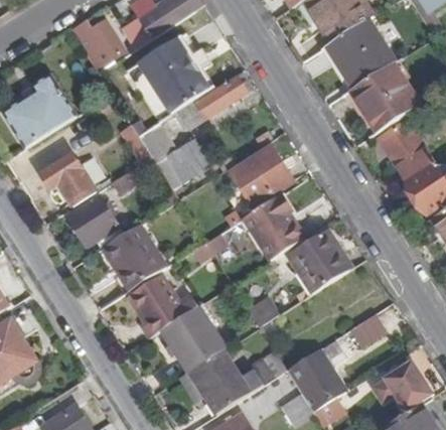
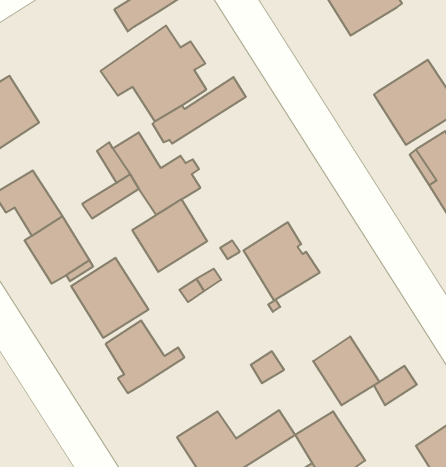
building: [69,18,124,70] -> none
building: [325,18,396,88] -> none
building: [229,146,290,205] -> [132,199,207,272]
building: [293,233,347,289] -> [313,336,380,405]
building: [160,304,224,371] -> none

